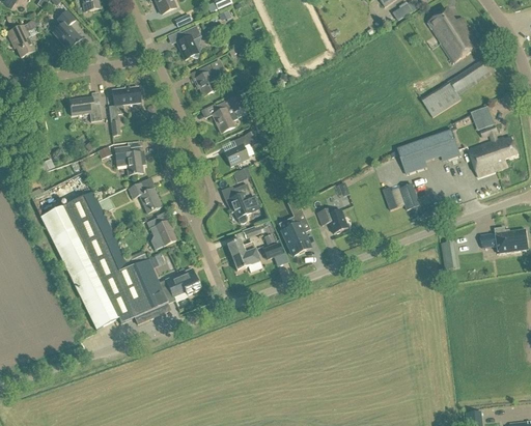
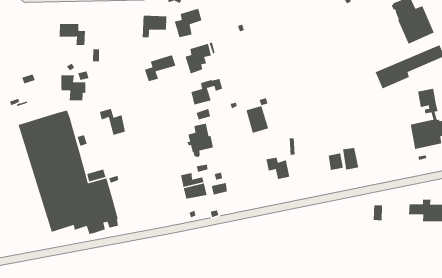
building: [111,86,140,114] -> [142,15,167,38]
building: none -> [144,54,176,82]
building: [397,130,459,174] -> none
building: [113,145,144,174] -> [61,75,86,101]
building: [280,212,309,255] -> [245,97,269,134]
building: [145,217,175,249] -> none
building: [158,268,199,303] -> none

